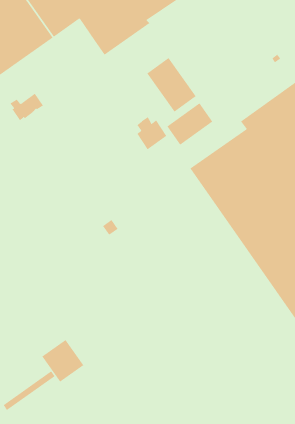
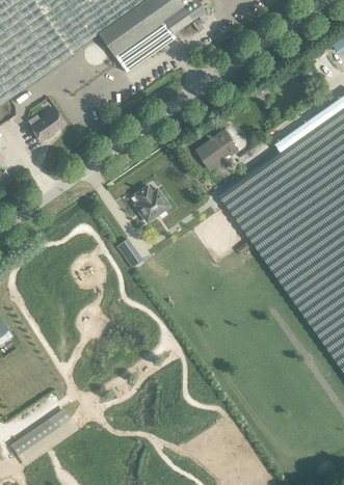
building: [146,57,196,112] -> none
building: [137,117,167,150] -> [135,185,168,221]
building: [41,339,84,383] -> none

